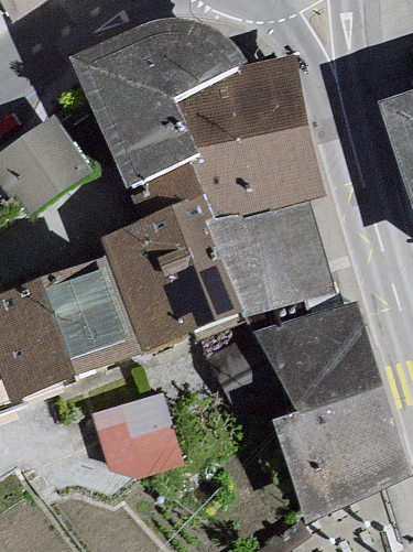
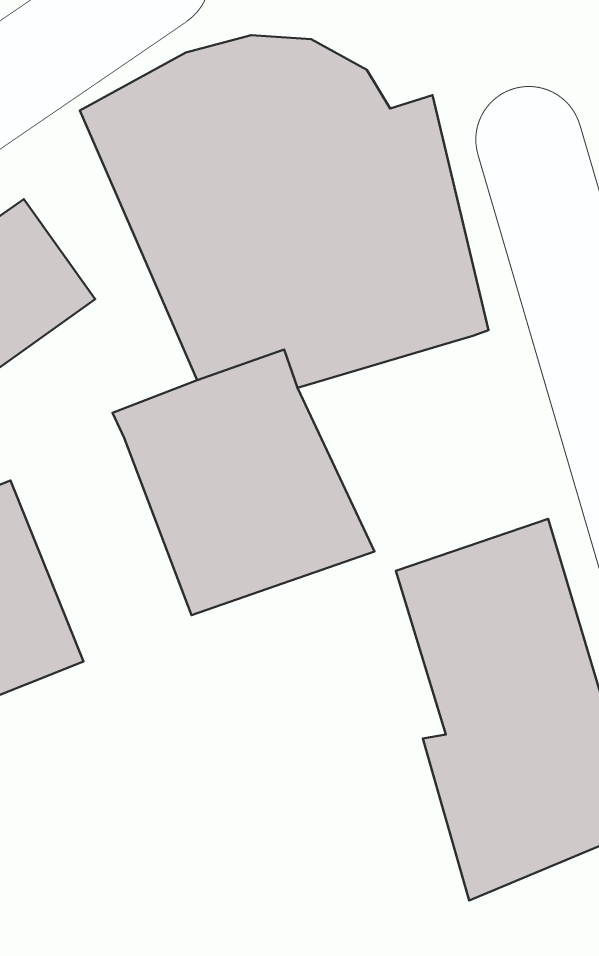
building: [207,193,344,327] -> none
building: [43,251,146,379] -> none
building: [85,382,195,480] -> none

